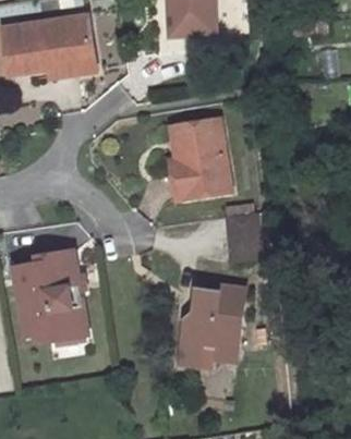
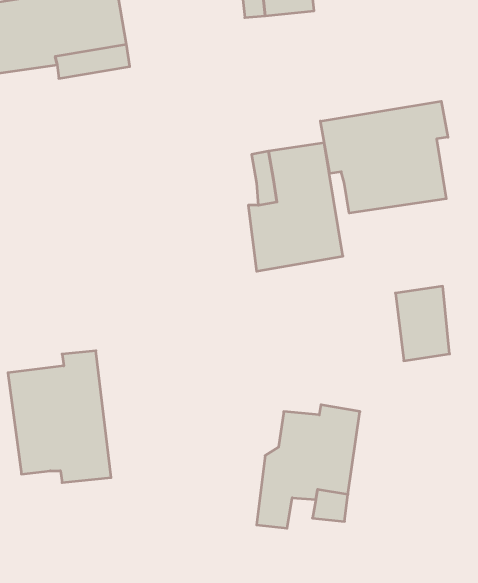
building: none -> [320,101,448,213]
building: [228,214,263,261] -> [395,286,450,361]

